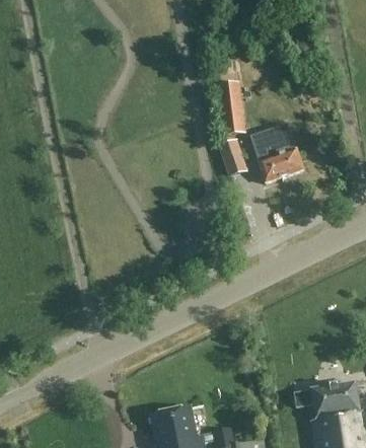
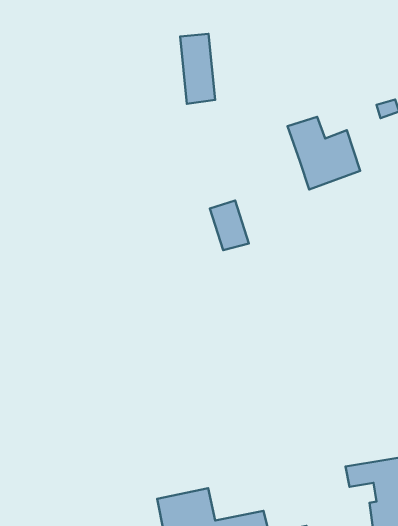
building: [219,81,245,134] -> [180,34,215,104]
building: [220,139,249,176] -> [210,200,249,250]

